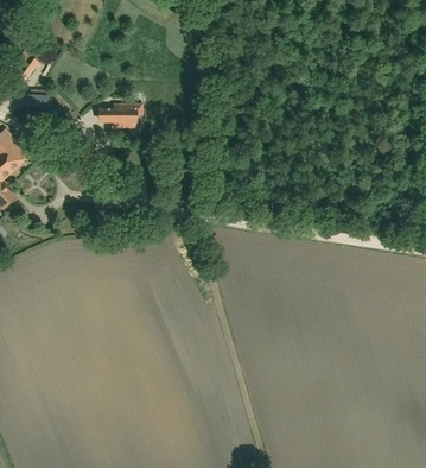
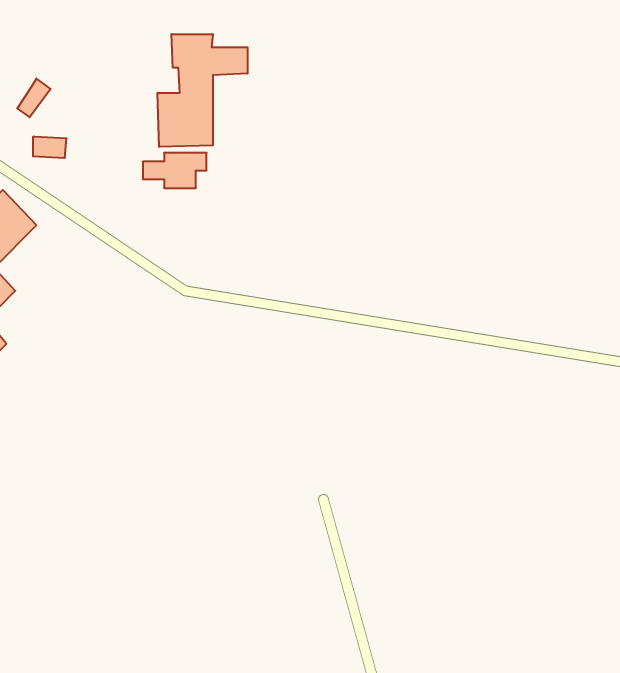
building: none -> [158,34,248,147]

